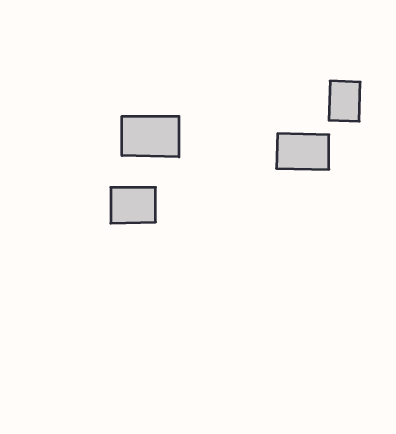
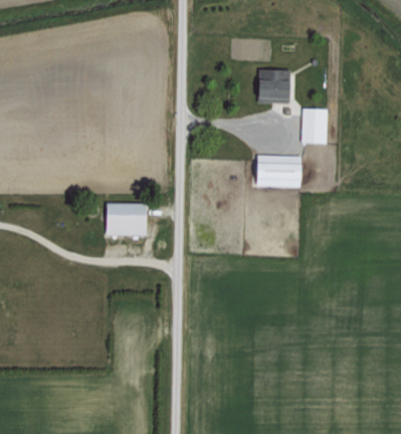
building: none -> [257,69,290,102]
building: [122,116,179,157] -> none

